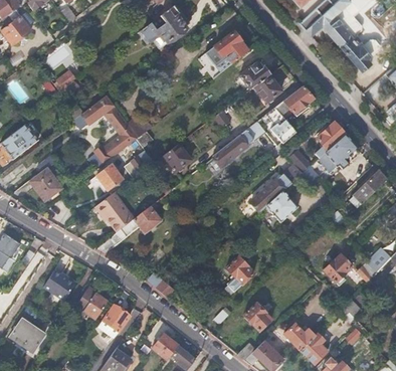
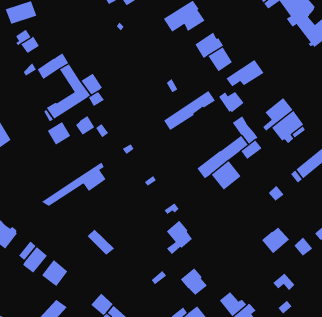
building: [160,144,191,172] -> none
building: [96,193,134,233] -> none

